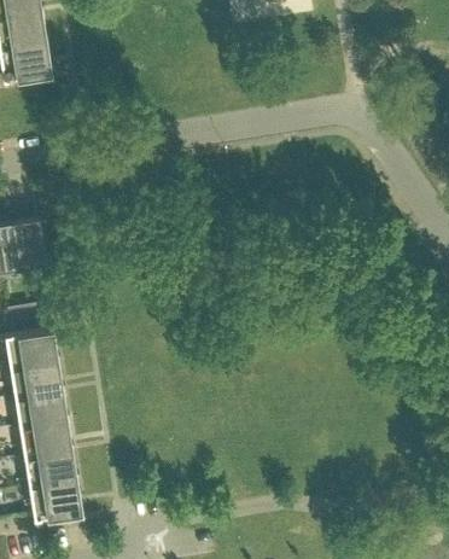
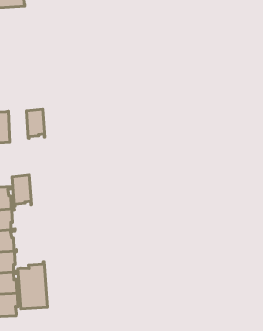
building: none -> [27,109,45,139]
building: none -> [12,175,31,206]
building: none -> [18,262,47,309]

